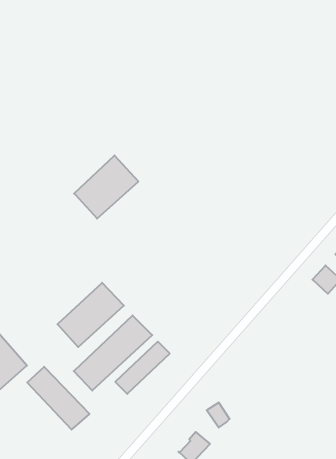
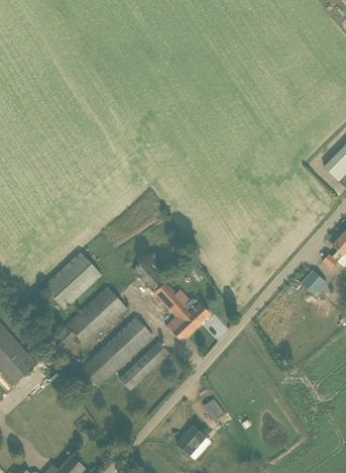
building: [74,155,138,219] -> [42,250,102,308]
building: none -> [132,258,210,341]
building: [27,367,89,430] -> none

